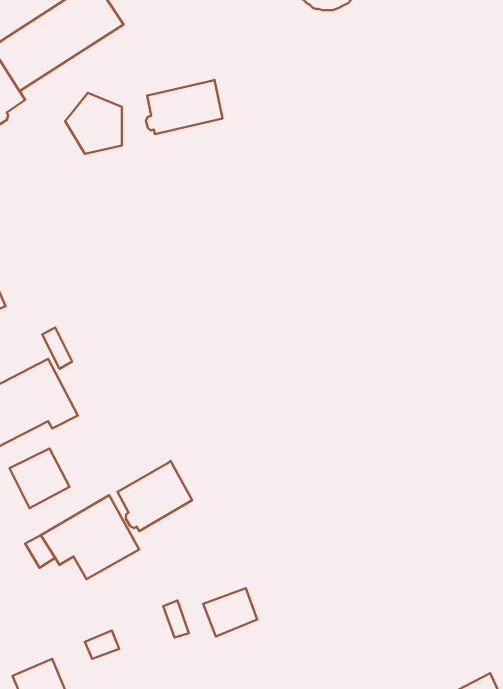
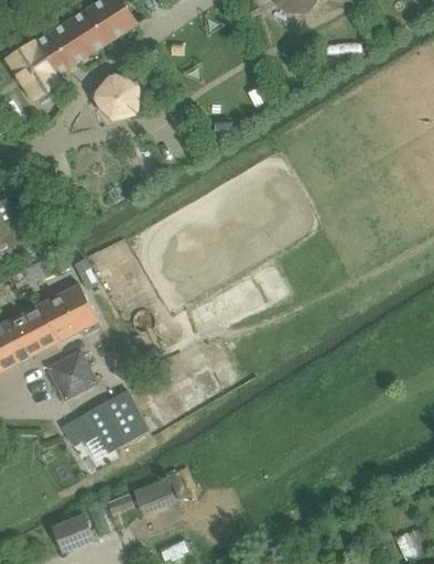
building: [146,80,222,134] -> none
building: [117,461,192,531] -> none
building: [203,588,257,636] -> [132,477,174,514]

